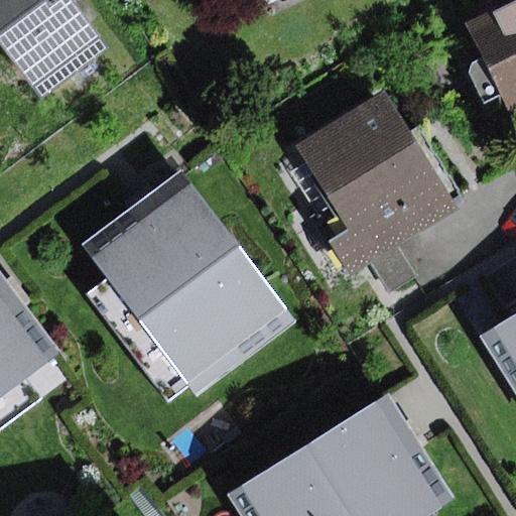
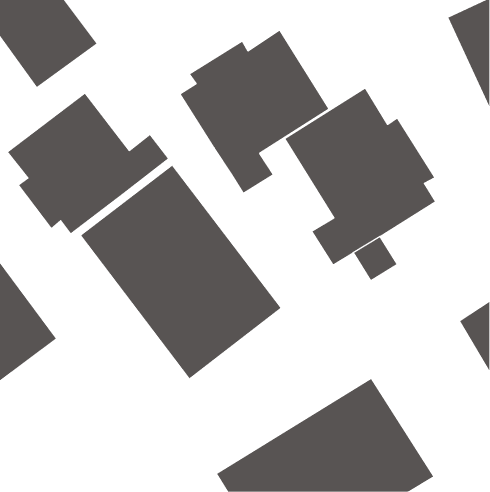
building: none -> [180,30,329,194]
building: none -> [7,93,169,234]

